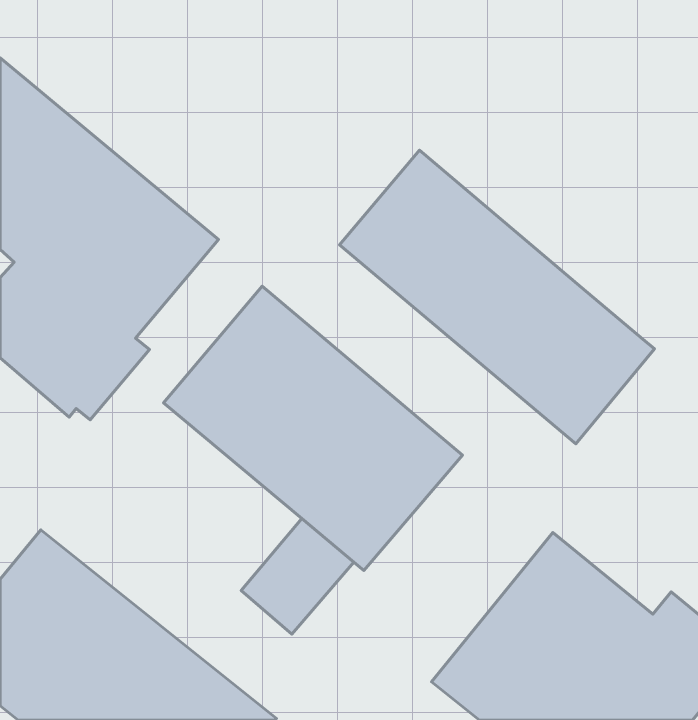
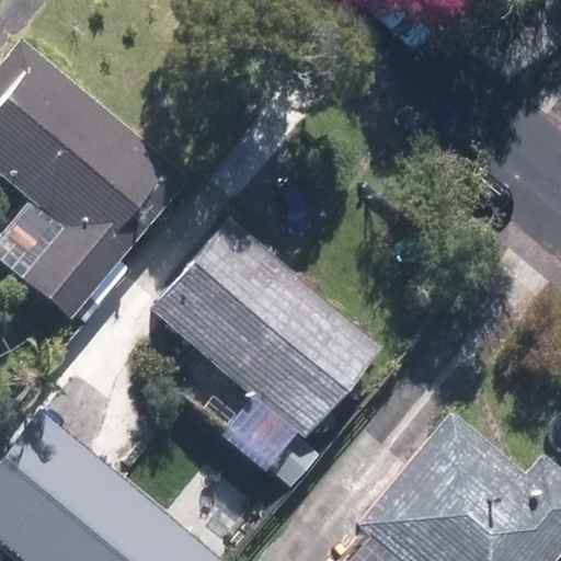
building: [340,150,655,444] -> none

